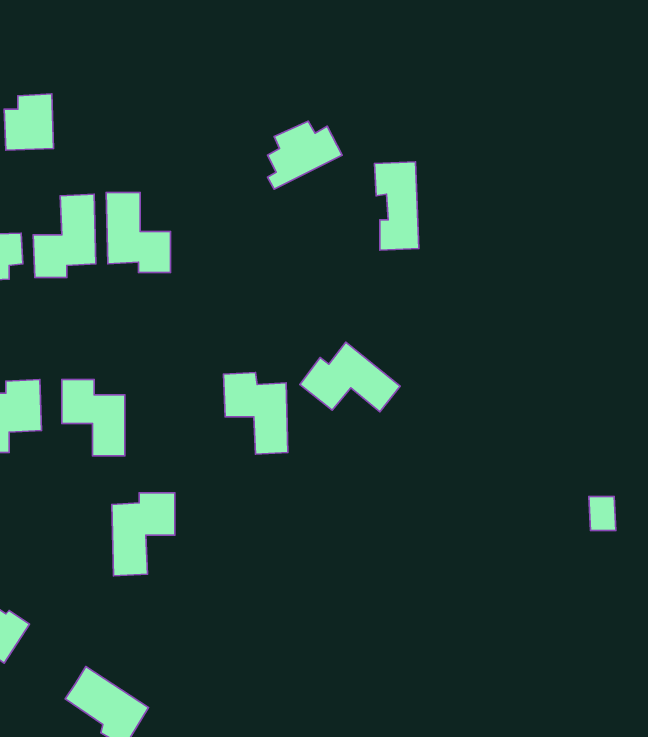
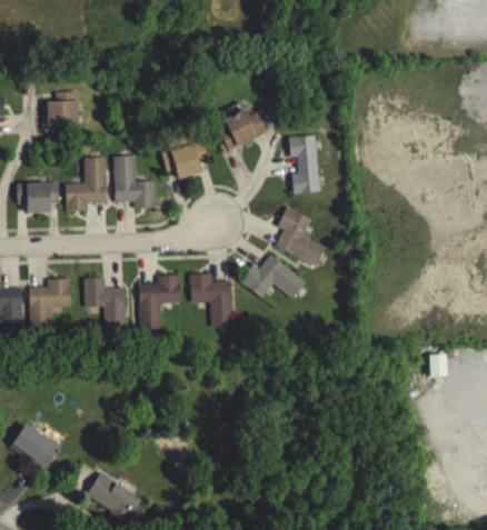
building: none -> [161,139,209,179]
building: none -> [275,209,325,264]
building: [112,493,175,576] -> [139,276,180,330]

